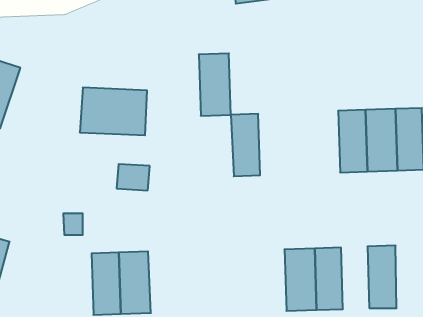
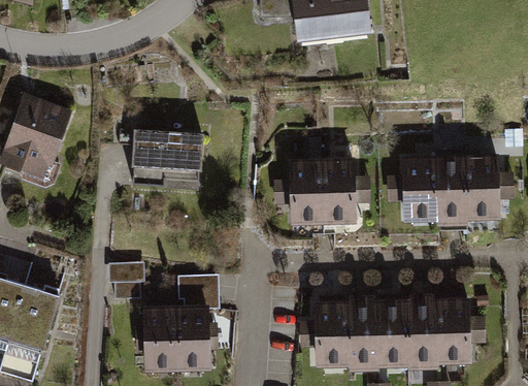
building: [199,53,231,116] -> [320,158,354,224]
building: [117,164,150,190] -> [172,270,207,298]
building: none -> [407,299,437,365]
building: none -> [319,302,350,368]

